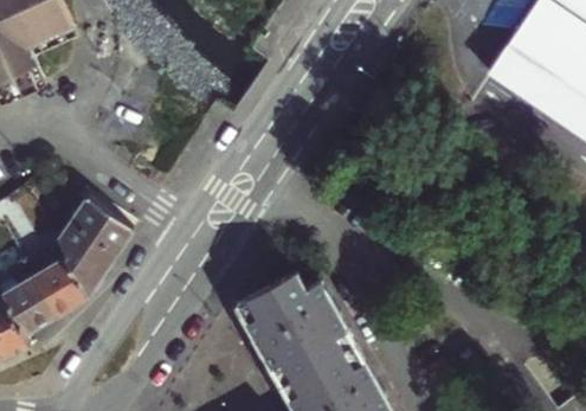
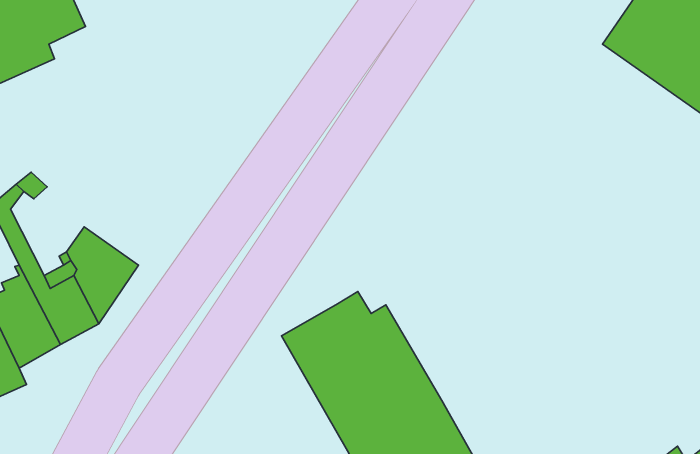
building: [73,198,133,251] -> none

